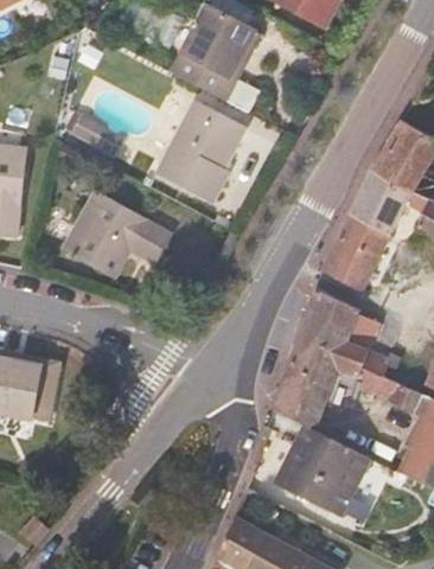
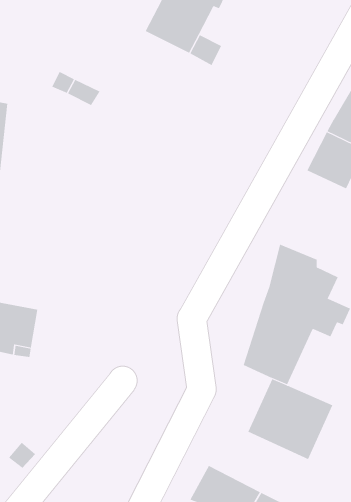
building: [158,98,244,198] -> none
building: [64,192,173,276] -> none
building: [319,215,385,294] -> none

